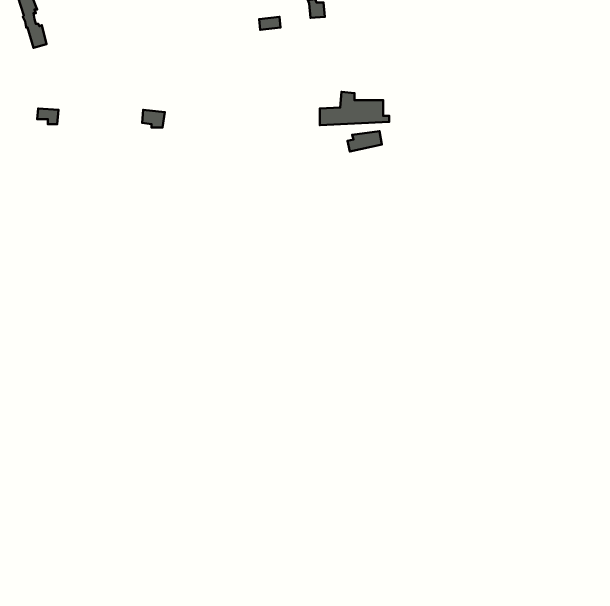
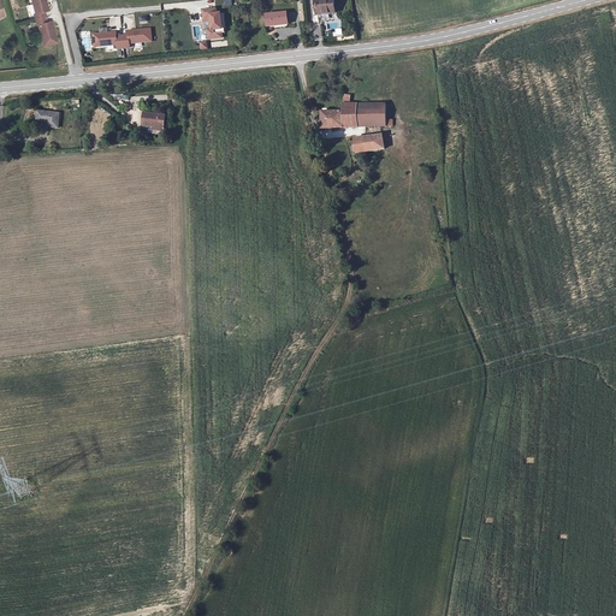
building: none -> [203,6,225,37]
building: none -> [93,25,153,47]

